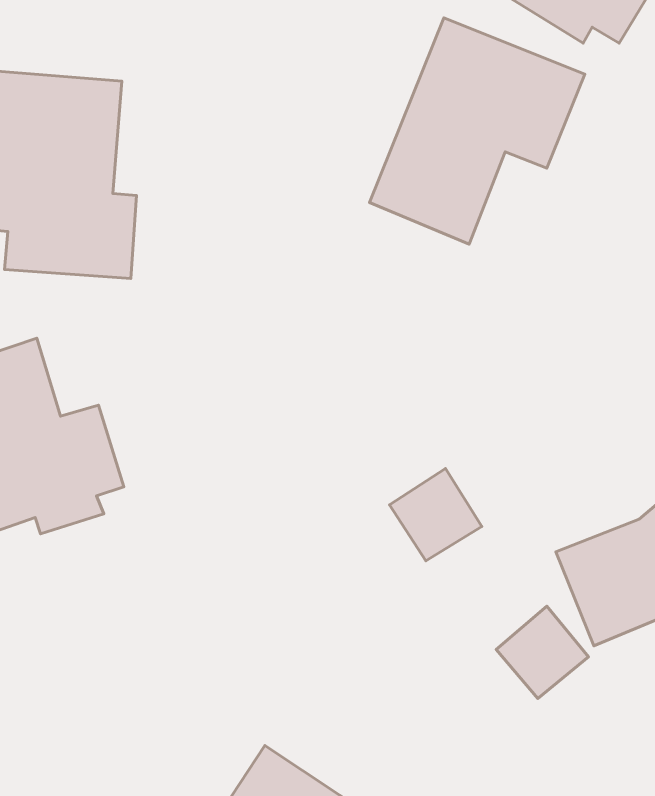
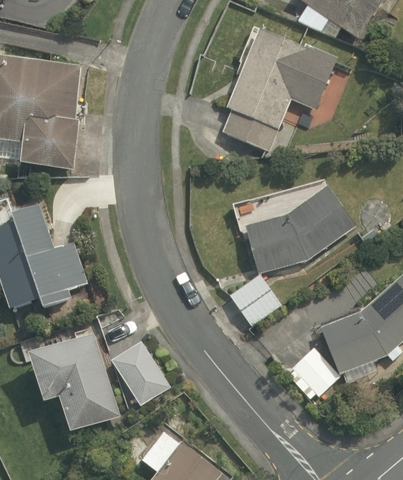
building: none -> [245,186,353,272]
building: none -> [22,332,119,433]
building: none -> [109,338,171,406]

